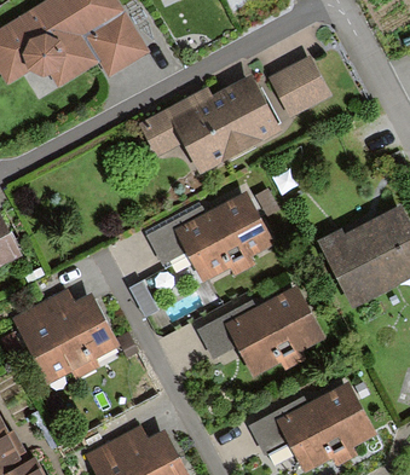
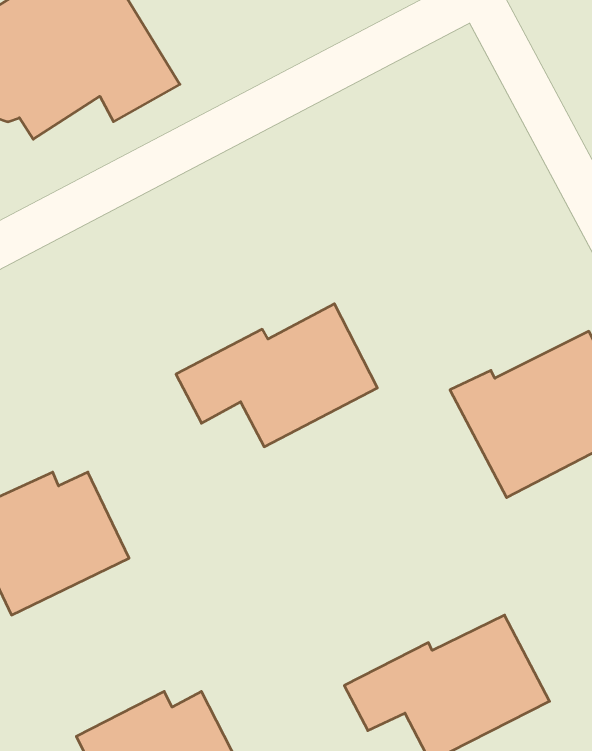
building: [268,58,329,118] -> none
building: [139,74,283,175] -> none
building: [198,284,327,375] -> none

